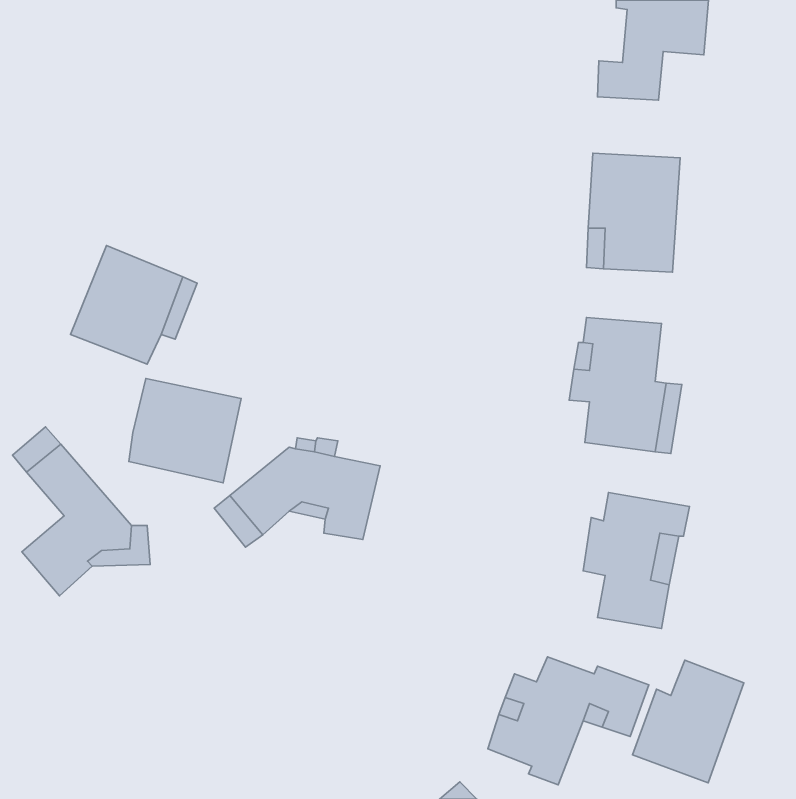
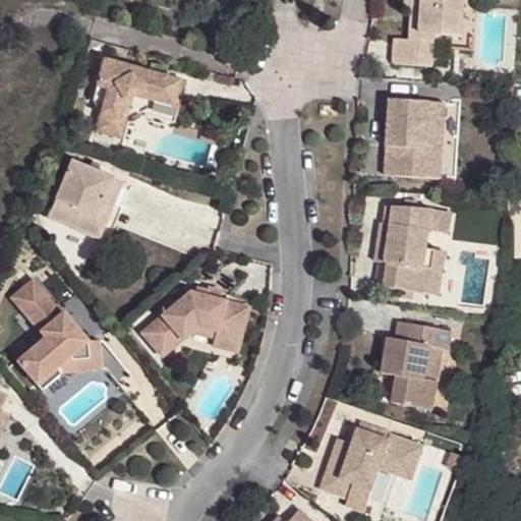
building: none -> [93,59,185,137]
building: [129,378,241,483] -> none
building: [633,660,744,783] -> none

